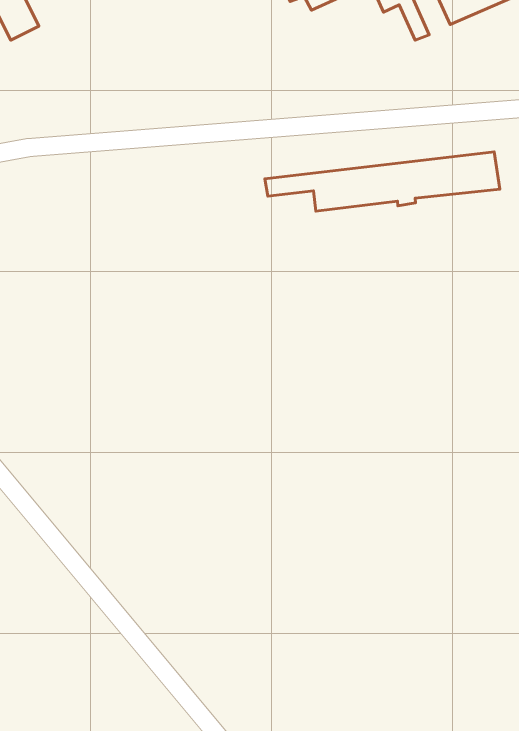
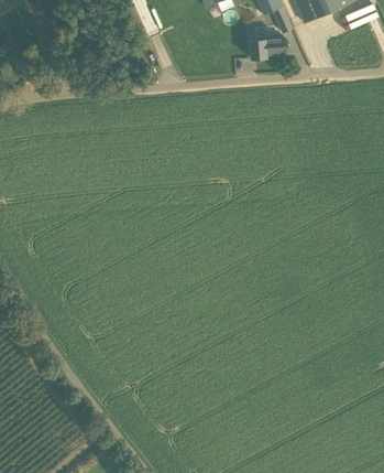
building: none -> [250,35,284,58]
building: [265,152,500,211] -> none

